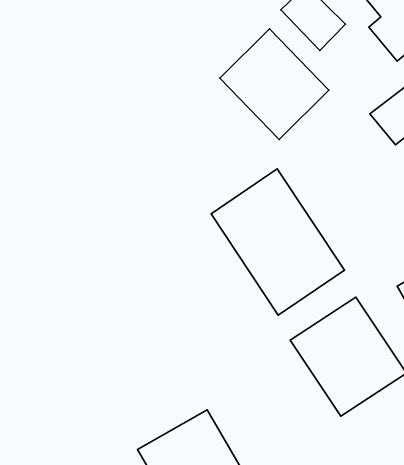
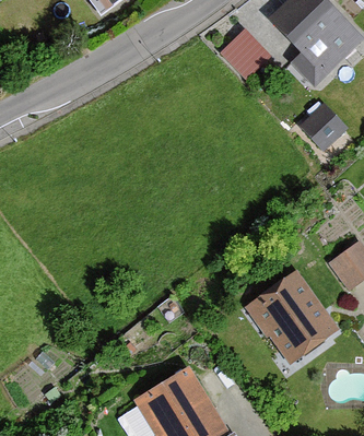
building: [220,29,329,139] -> none
building: [211,169,344,315] -> none

